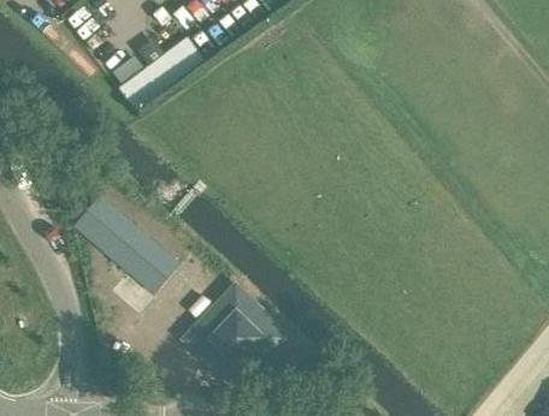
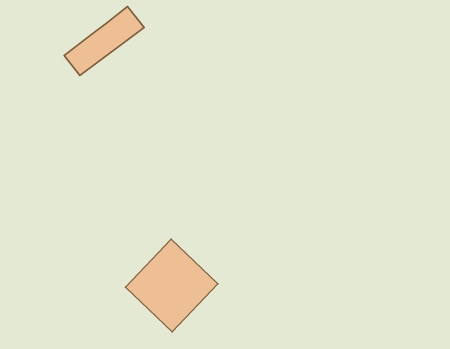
building: [72,195,179,293] -> none

